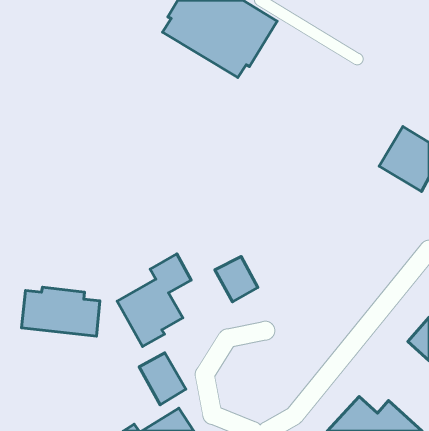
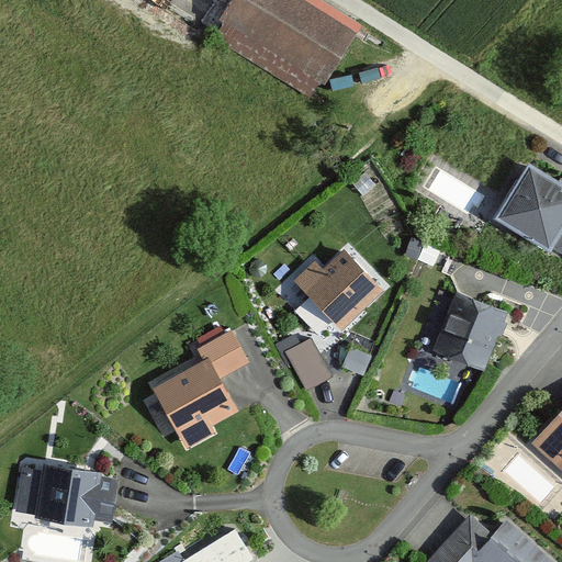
building: none -> [292,247,384,331]
building: none -> [432,292,507,371]
building: [21,287,100,336] -> [13,463,115,527]
building: [139,353,186,405] -> none

